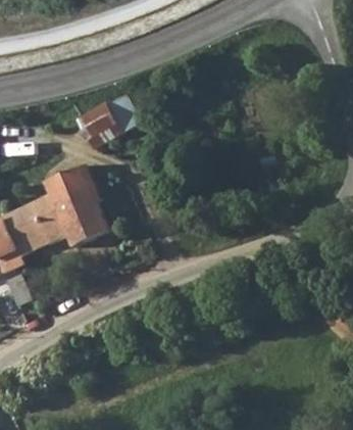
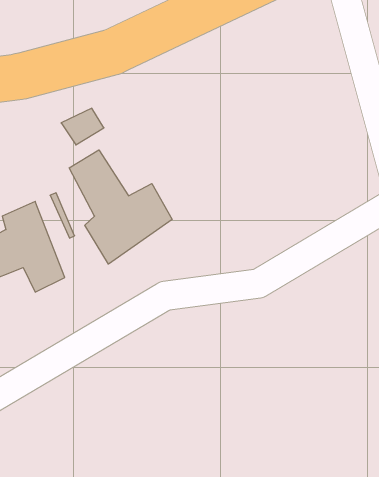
building: none -> [69,150,172,264]

